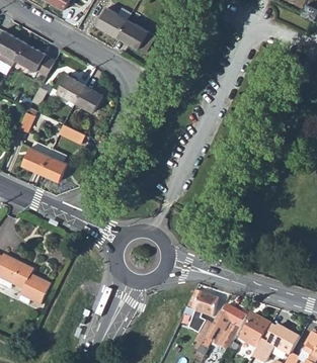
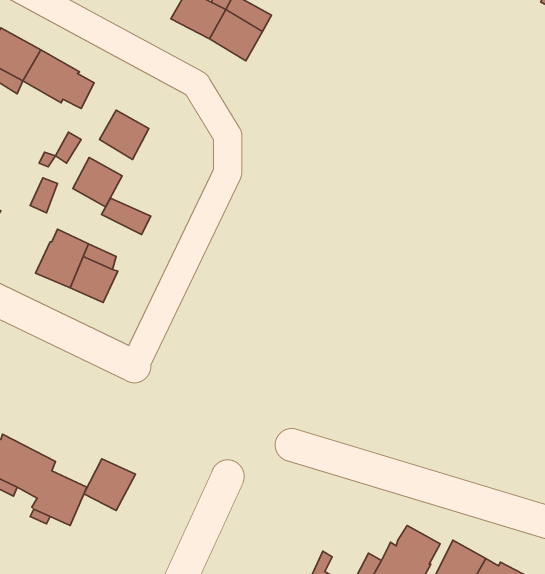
building: [75,85,102,112] -> [73,157,122,207]
building: none -> [84,459,136,511]
building: [183,289,218,316] -> none

